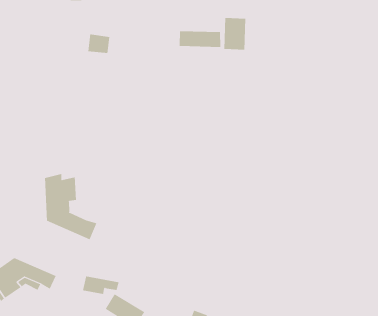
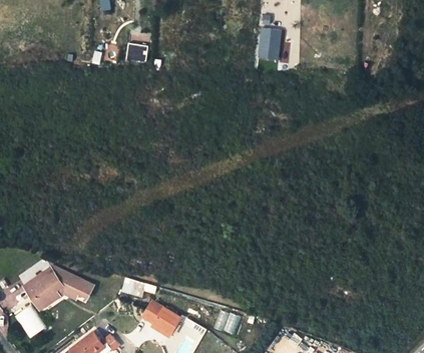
building: [179,31,221,48] -> none
building: [44,173,97,240] -> none

